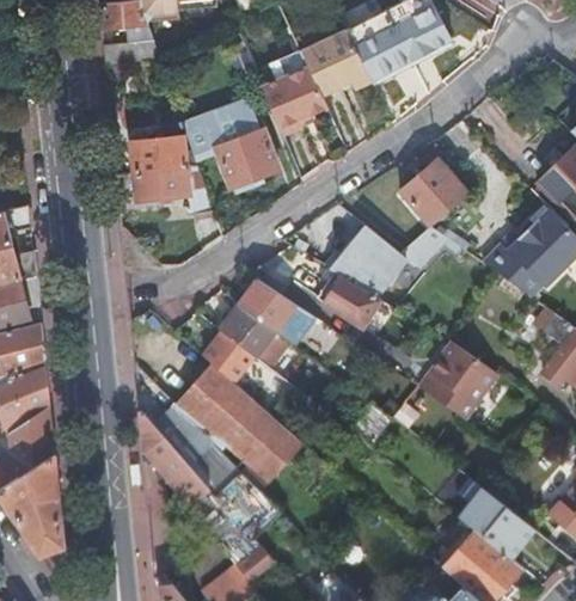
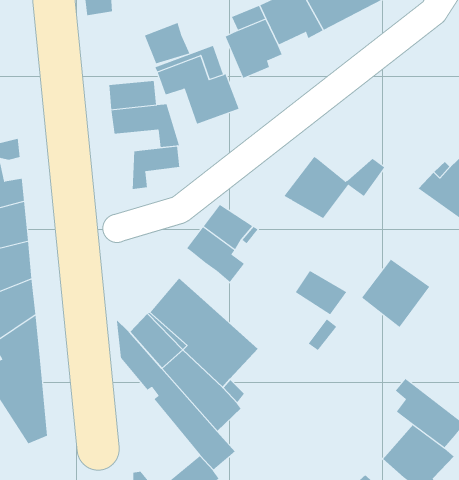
building: none -> [144,22,190,64]
building: [399,157,470,226] -> none
building: none -> [132,146,180,190]
building: [321,274,381,325] -> [295,270,347,315]
building: [202,331,253,380] -> none

